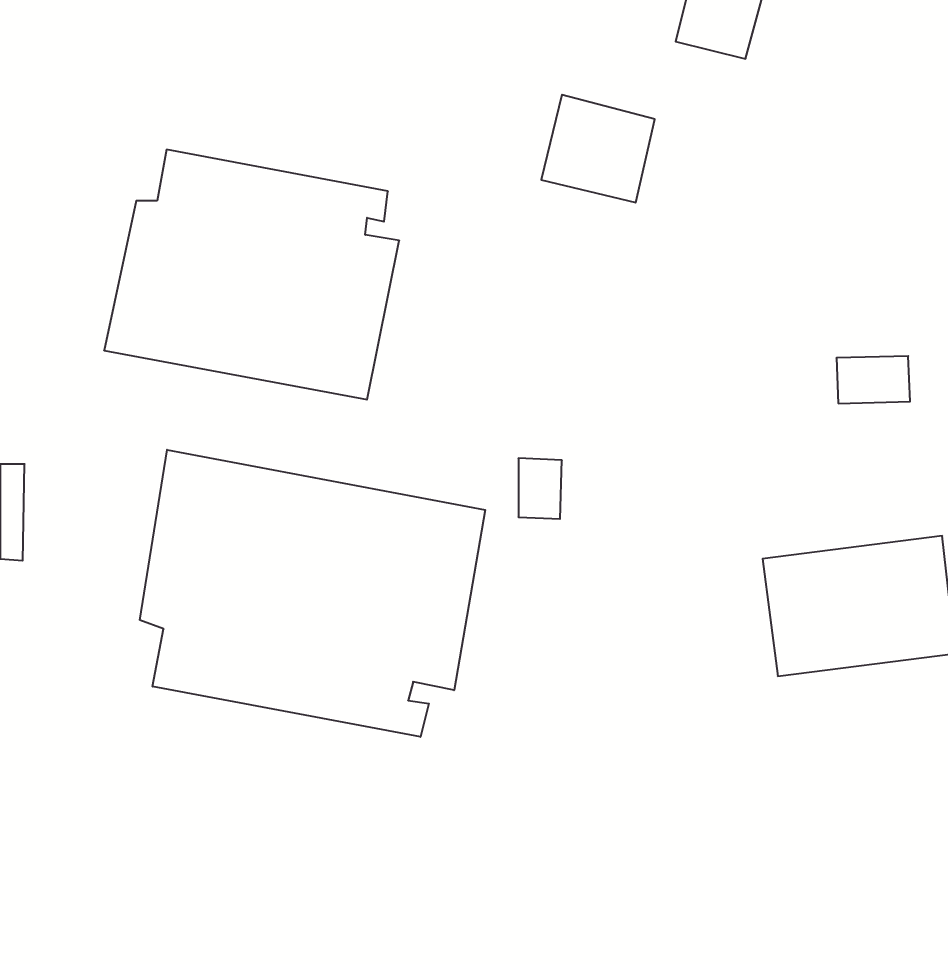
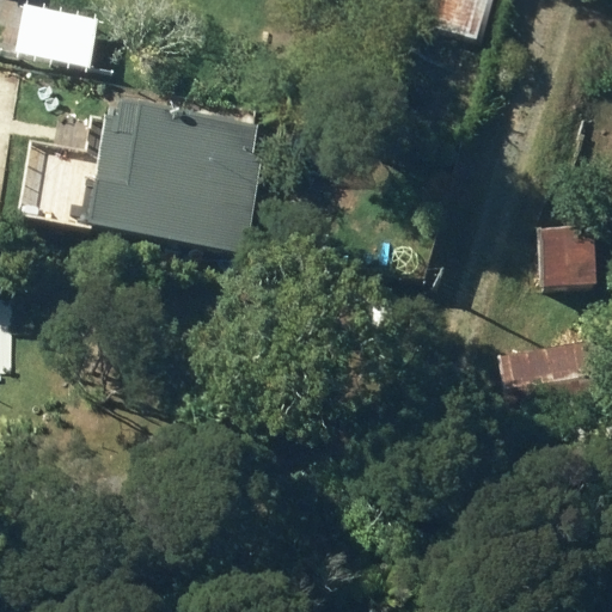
building: [140,450,485,737] -> none

